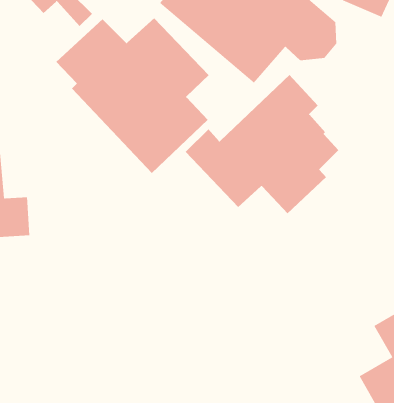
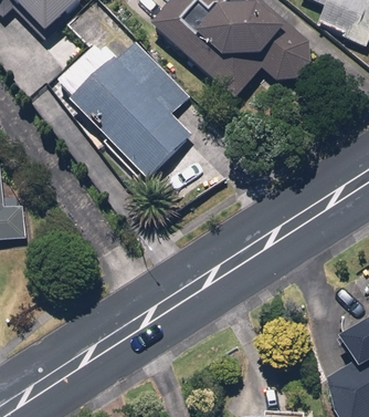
building: [185,74,339,214] -> none

